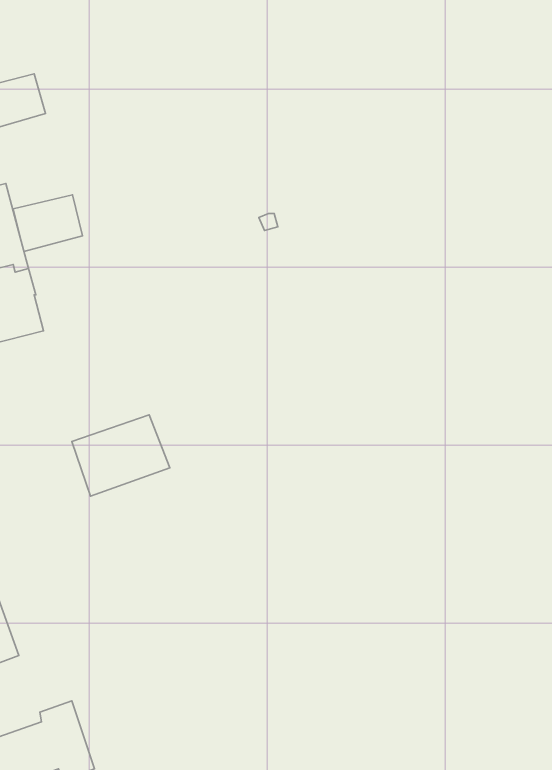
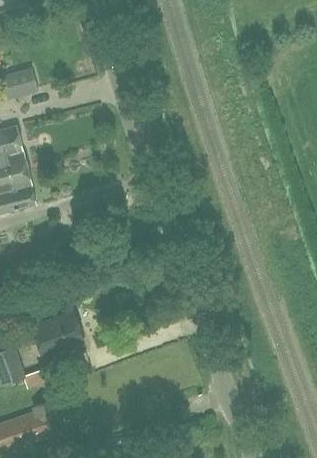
building: [13,195,82,252] -> none
building: [72,415,170,496] -> [31,312,83,355]

